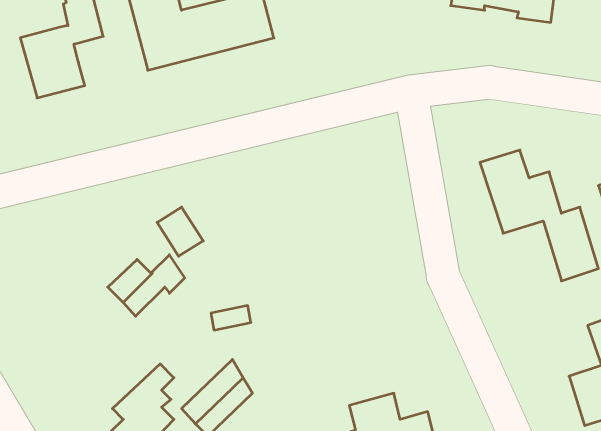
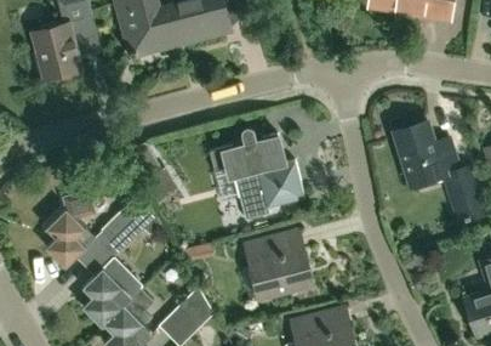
building: none -> [210,127,303,221]
building: none -> [45,191,95,268]
building: none -> [242,237,314,299]
building: none -> [81,257,141,328]

